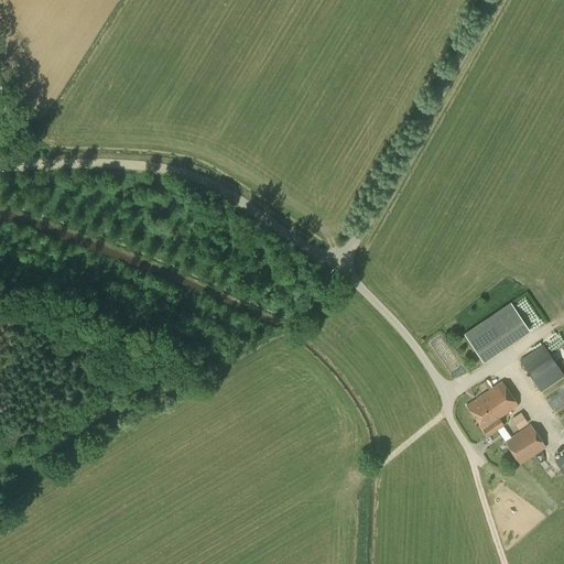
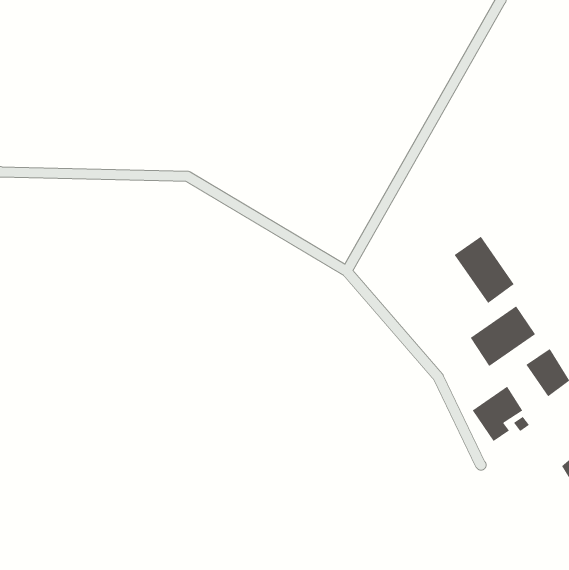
building: none -> [454,236,514,304]
building: [506,424,546,465] -> none

